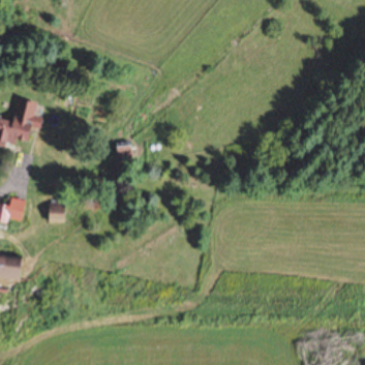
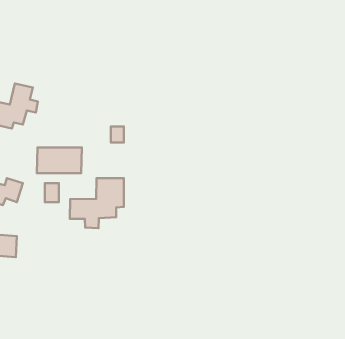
building: none -> [37,148,82,173]
building: none -> [70,178,124,228]

